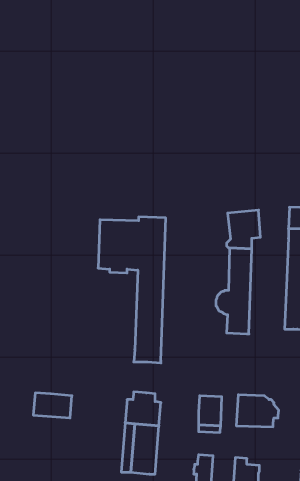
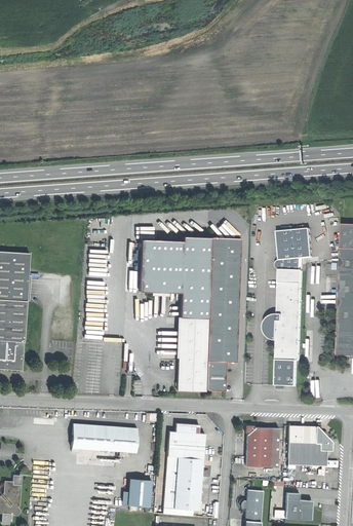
building: none -> [205,237,241,391]
building: none -> [275,360,297,387]
building: none -> [109,426,136,452]
building: none -> [126,478,151,506]

